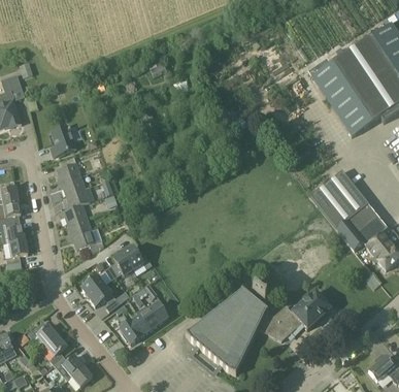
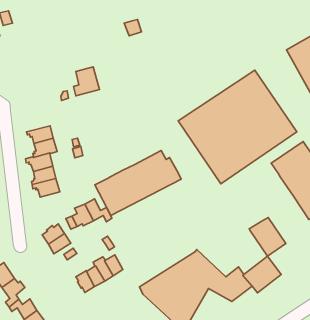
building: none -> [178,70,297,184]
building: [49,126,76,157] -> [74,67,99,96]
building: [56,157,80,184] -> none
building: none -> [95,150,181,215]
building: none -> [249,217,286,256]

